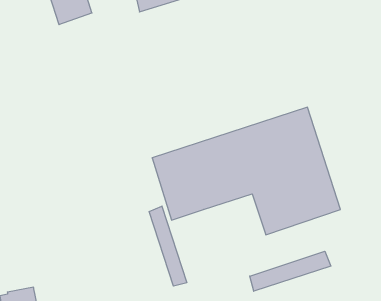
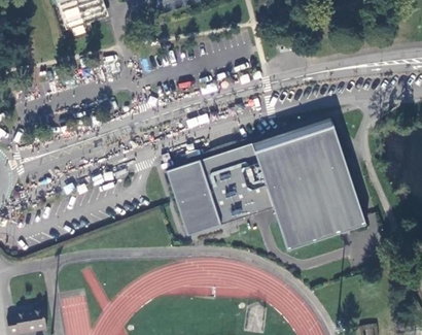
building: [149,206,187,286] -> none
building: [250,251,331,291] -> none

